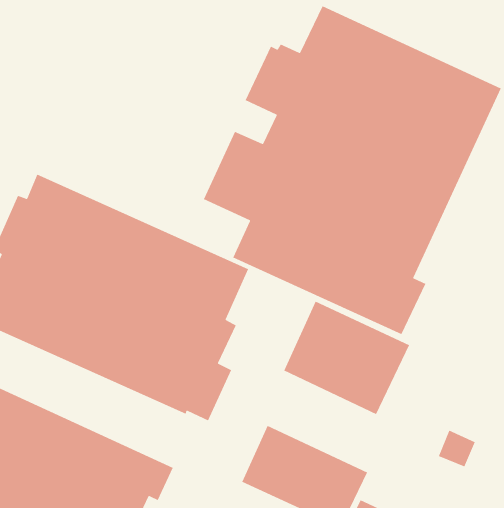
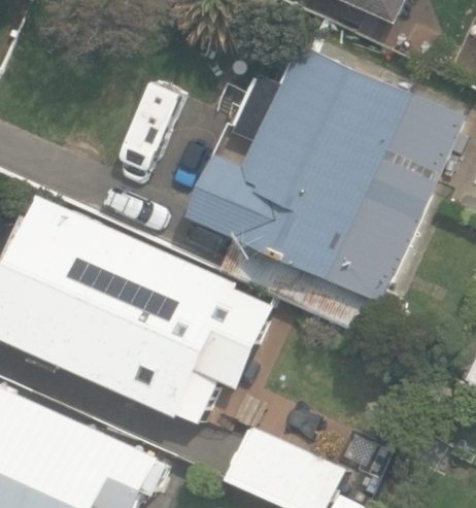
building: [283,301,410,415] -> none

